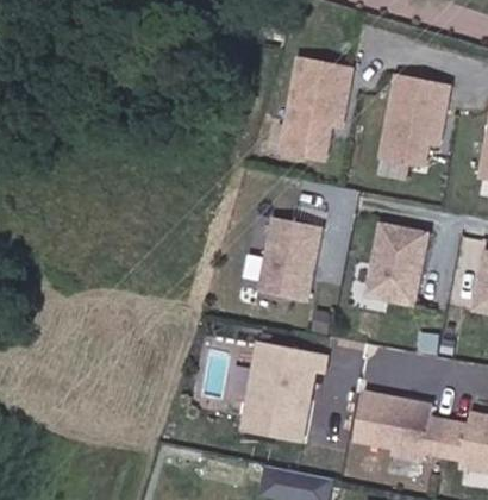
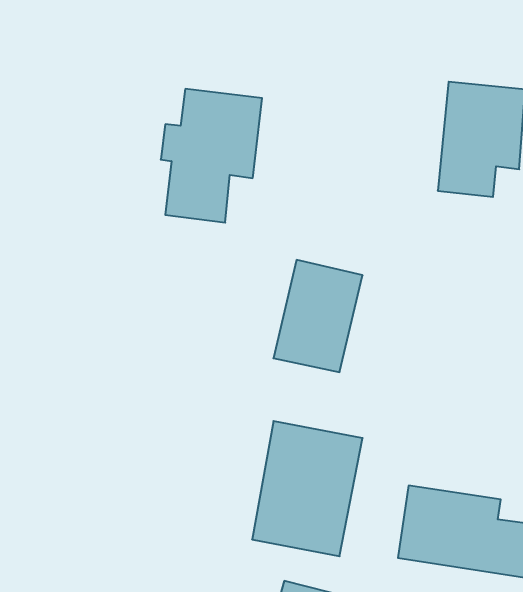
building: [276,58,355,162] -> [161,89,262,223]
building: [365,223,424,306] -> none

